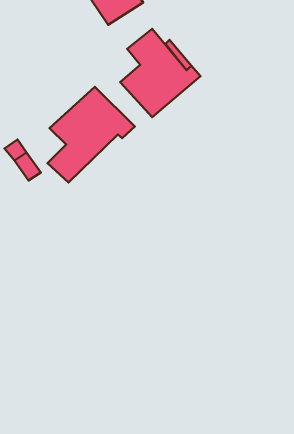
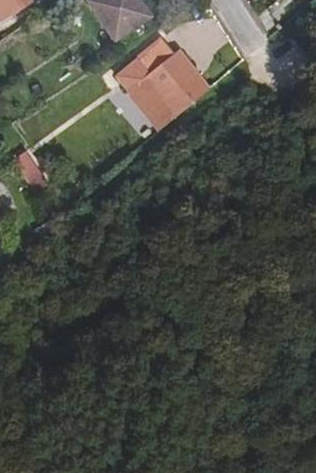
building: [47,87,135,182] -> none

